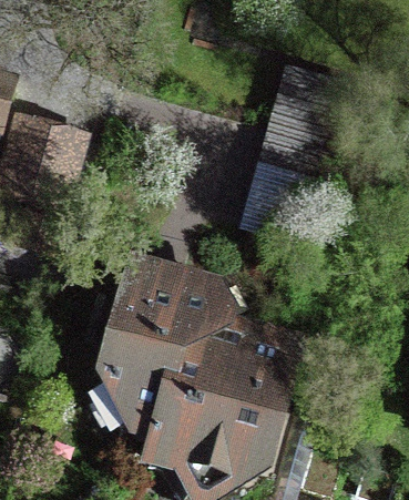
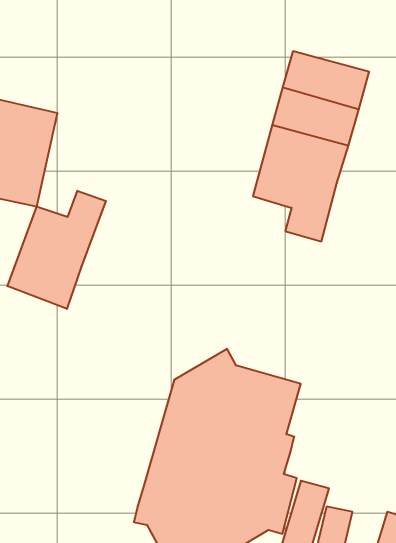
building: none -> [7,191,106,309]
building: [93,266,228,429] -> none

